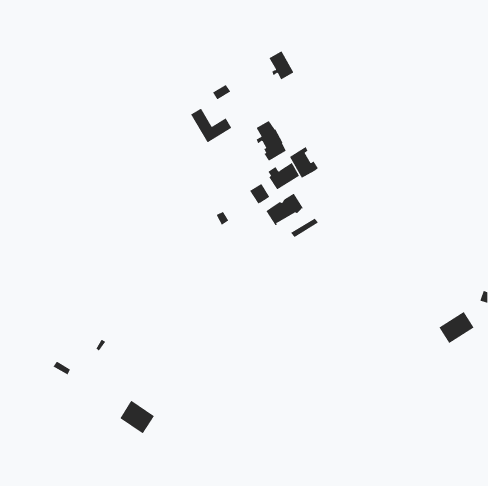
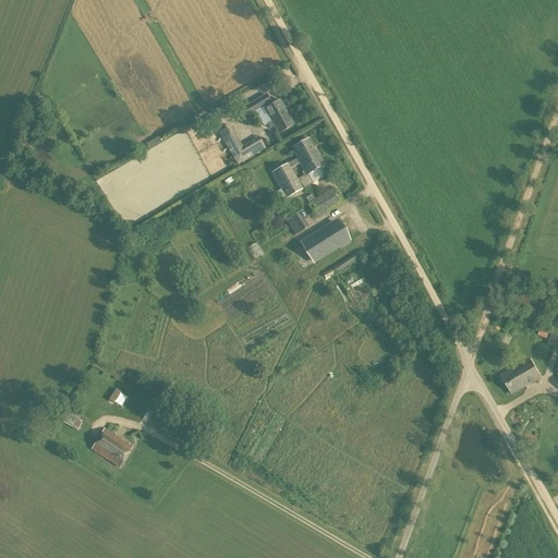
building: [269,50,294,80] -> [264,98,293,132]
building: [289,146,319,179] -> [272,159,306,196]
building: [119,400,155,434] -> [93,426,133,465]

